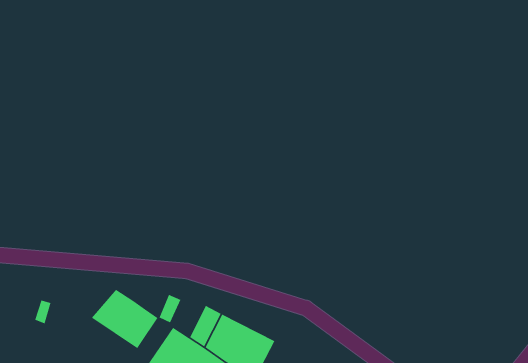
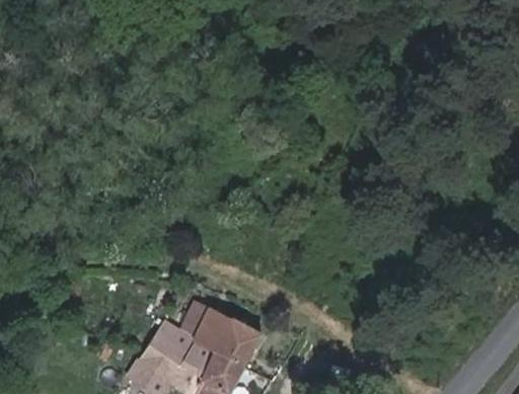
building: [91,289,159,349] -> none

